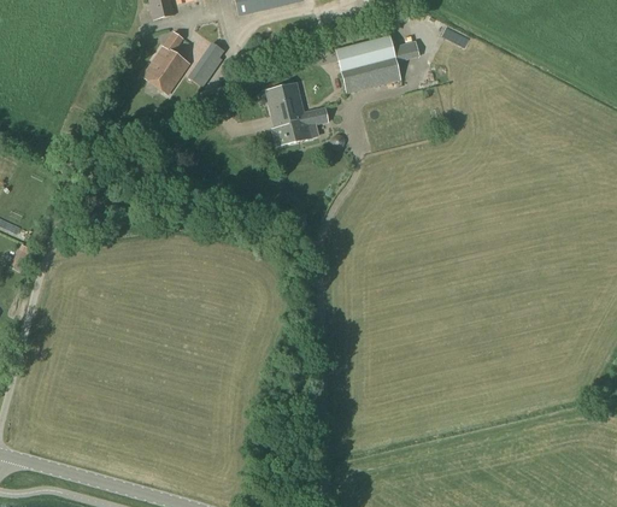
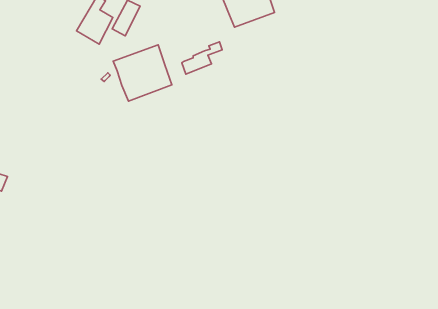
building: [266,83,305,122] -> none
building: none -> [113,45,172,101]

